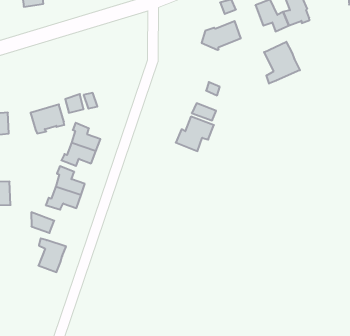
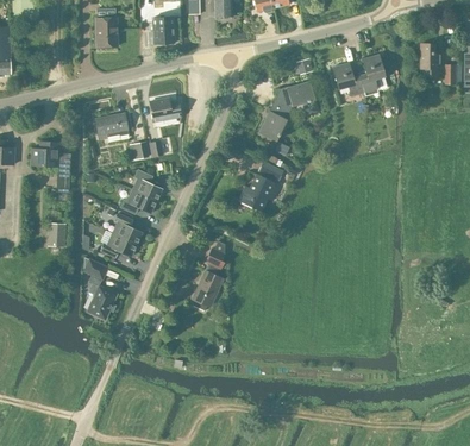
building: [264,42,300,84] -> none
building: none -> [259,101,290,142]
building: none -> [149,99,180,121]
building: [30,104,64,133] -> [94,113,127,140]
building: none -> [188,247,225,313]

